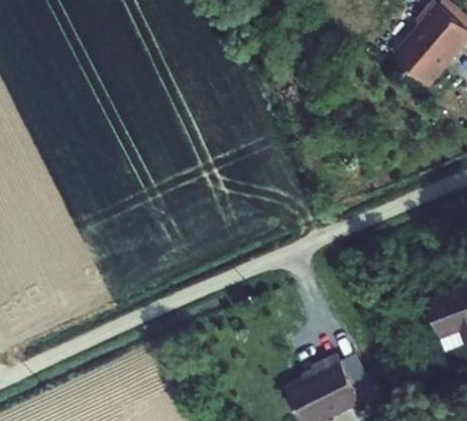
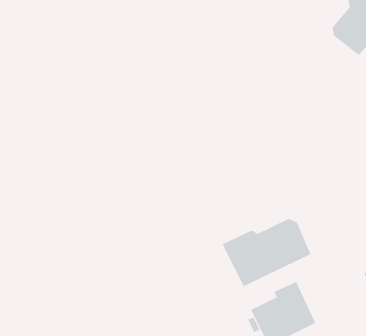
building: none -> [222,218,311,287]

